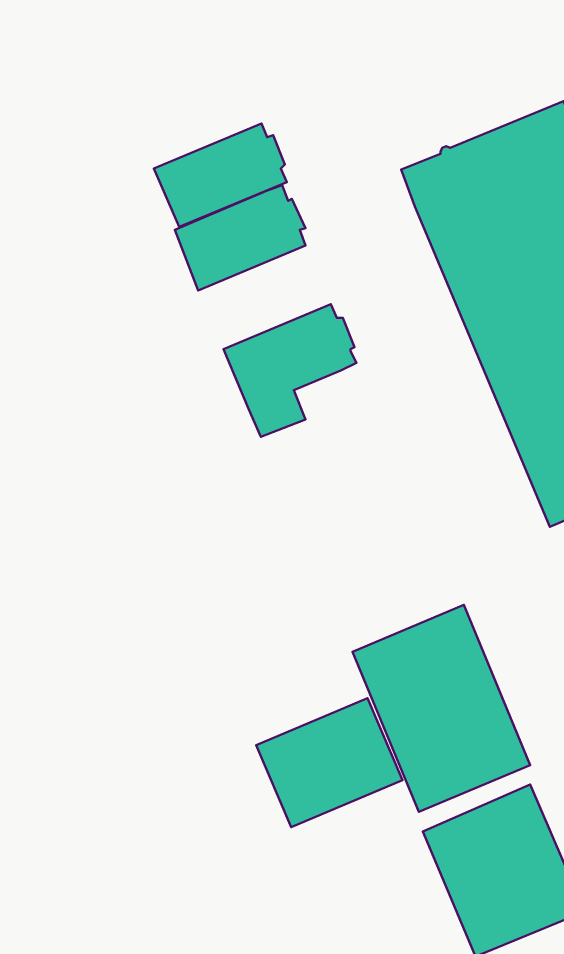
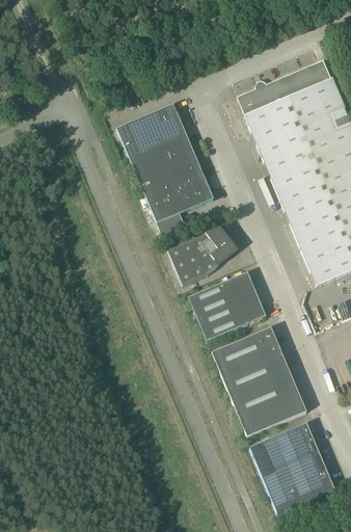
building: [154,123,287,227] -> [130,136,200,191]
building: none -> [168,224,239,286]
building: [256,698,403,827] -> [188,272,266,341]

